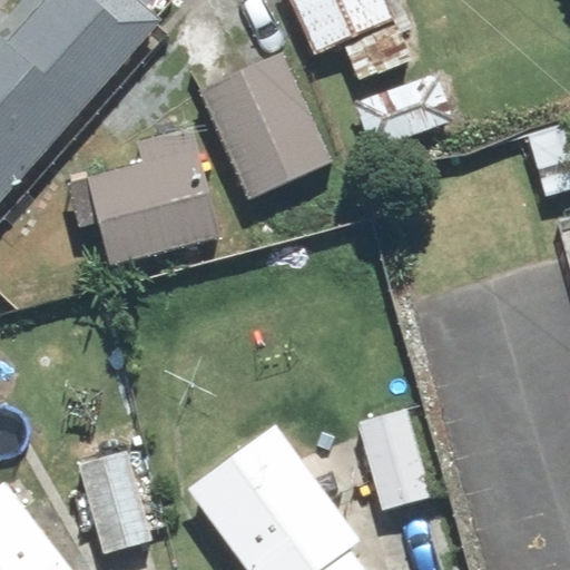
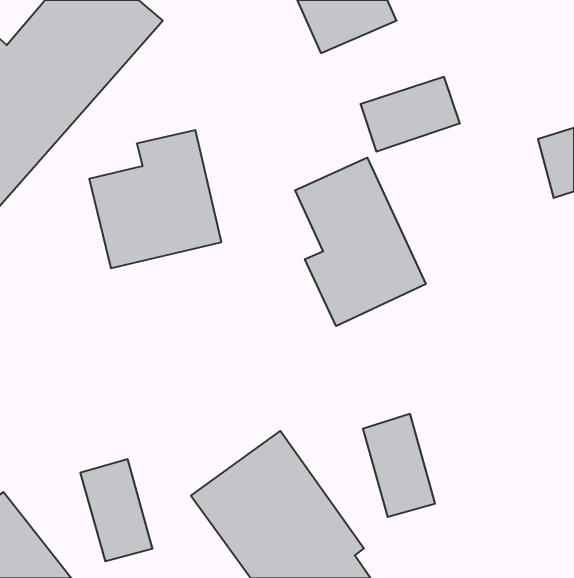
building: [200,56,331,198] -> none
building: none -> [295,158,426,326]

